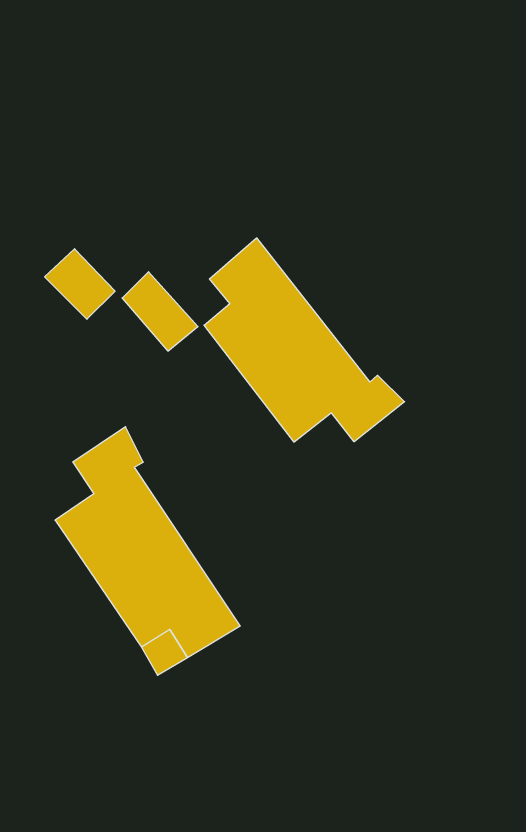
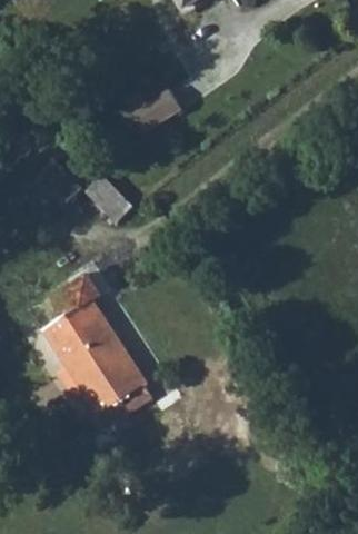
building: none -> [122,85,181,130]
building: [204,238,405,442] -> none

